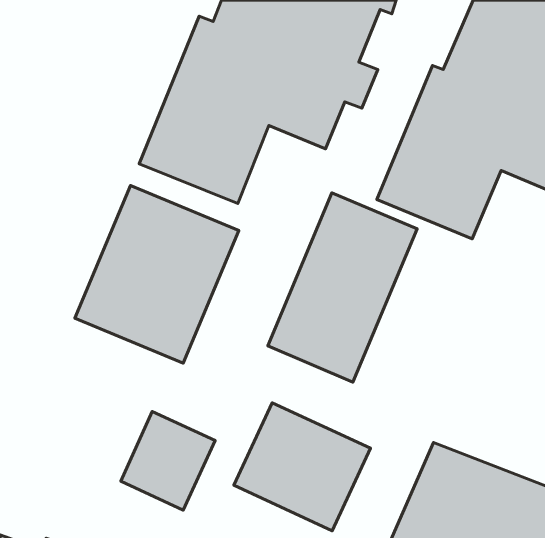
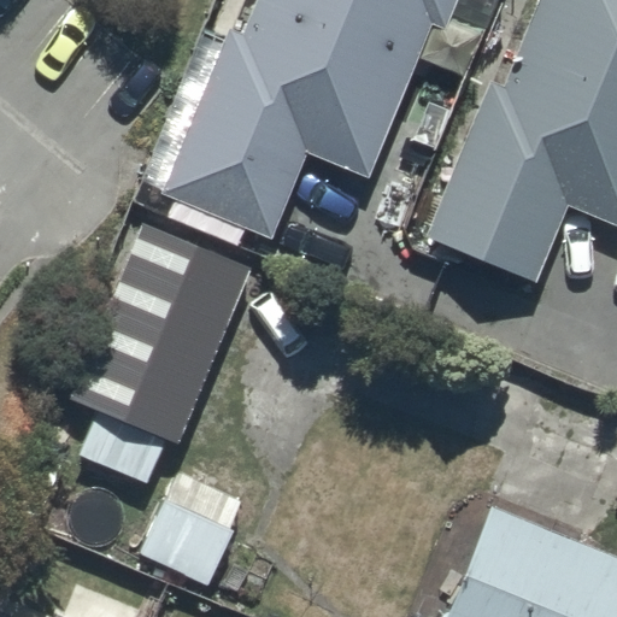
building: [268,193,417,382] -> none
building: [234,403,370,531] -> none

